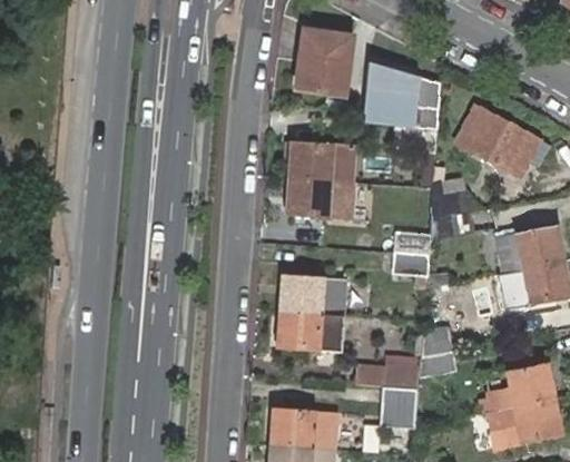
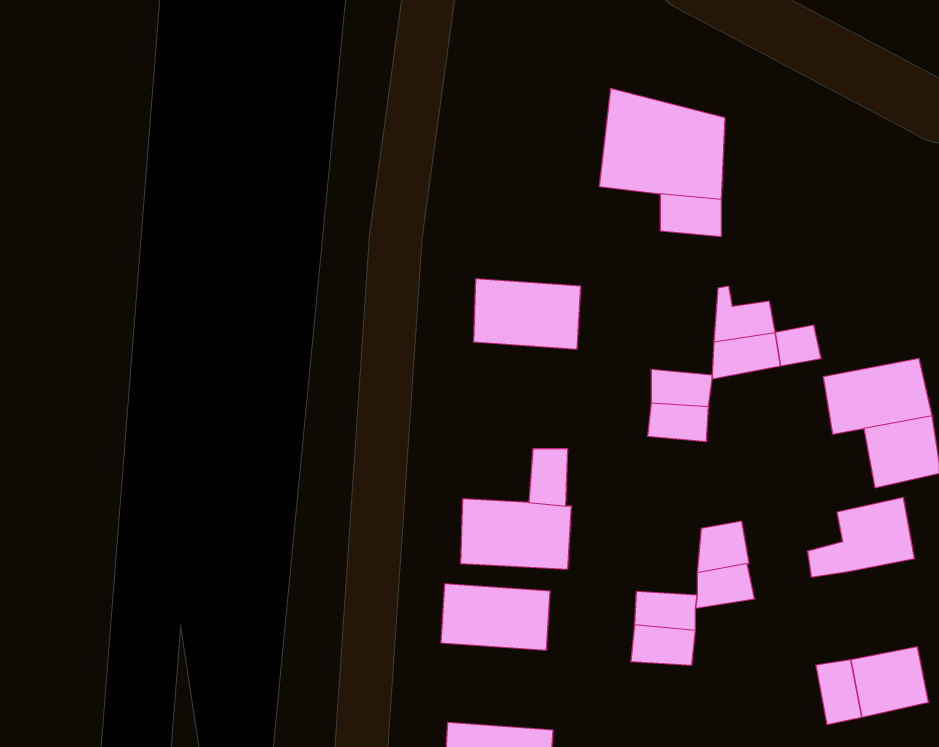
building: [295,22,347,95] -> none
building: [454,104,538,178] -> none
building: [288,140,355,181] -> none
building: [281,277,323,312] -> none
building: [490,362,554,410] -> [807,497,915,577]
building: [272,409,337,449] -> [441,584,550,650]

